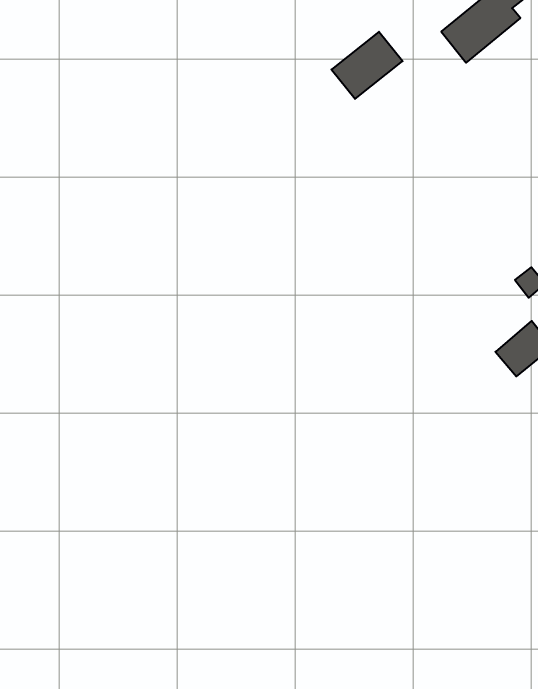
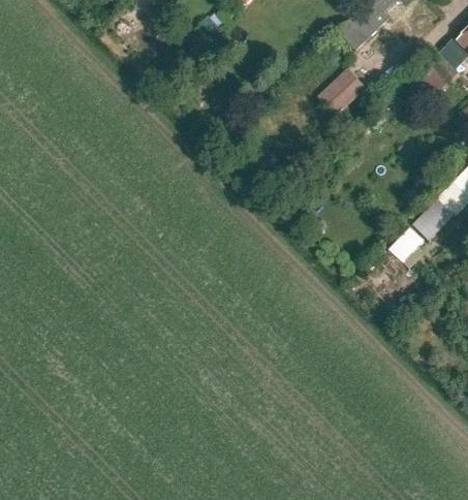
building: [331,32,403,99] -> [318,68,366,115]

